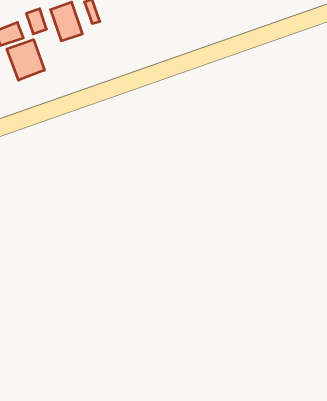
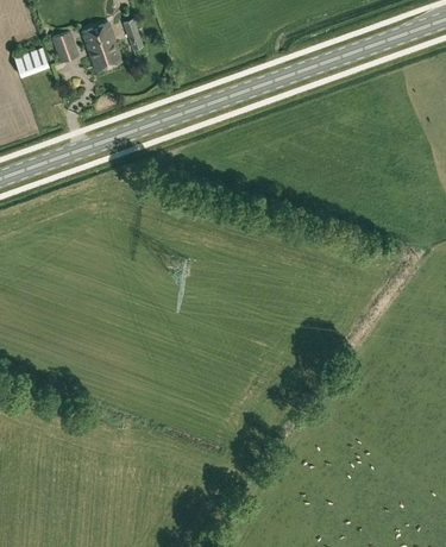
building: [7,40,44,80] -> none

